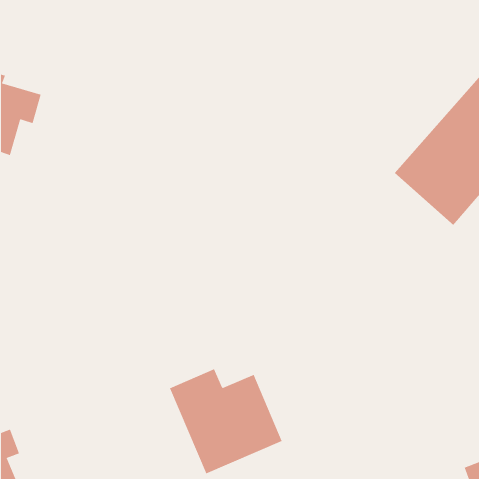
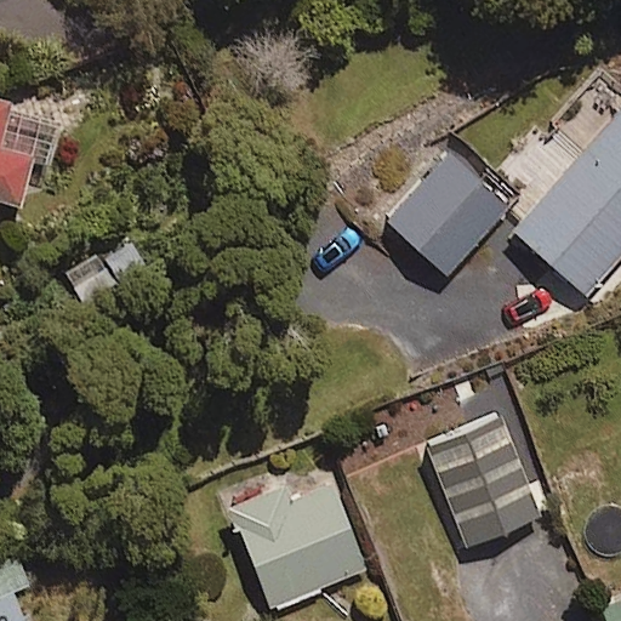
building: none -> [386,152,509,275]
building: none -> [438,448,542,548]

